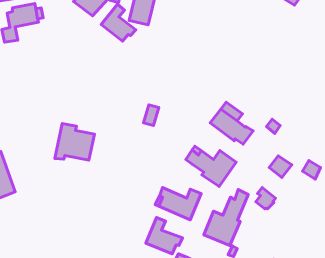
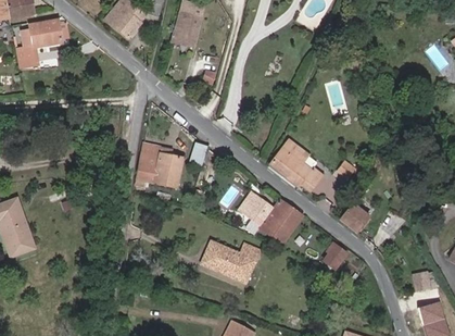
building: [101,4,136,41] -> none
building: [55,123,94,160] -> [136,144,184,188]
building: [204,190,248,245] -> none
building: [146,218,182,254] -> none

